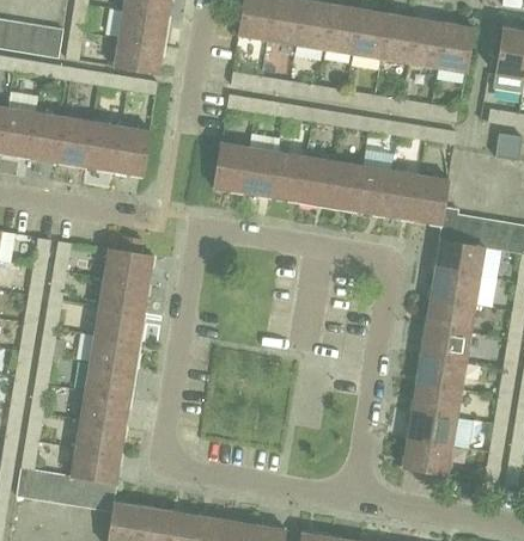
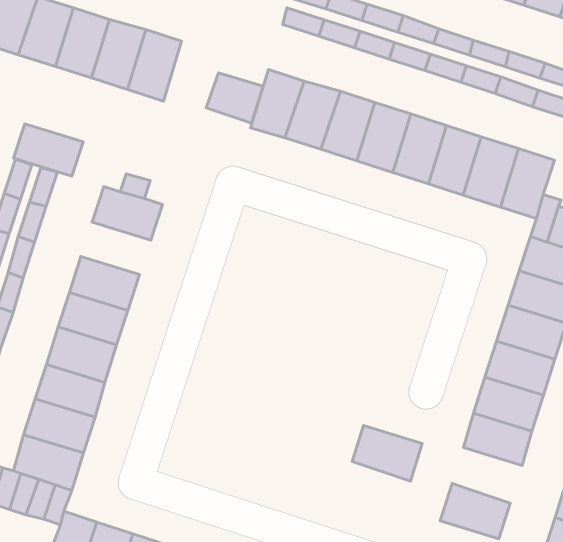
building: none -> [206,73,263,123]
building: [98,278,150,313] -> [13,124,83,176]
building: [407,408,458,445] -> [352,426,422,481]

